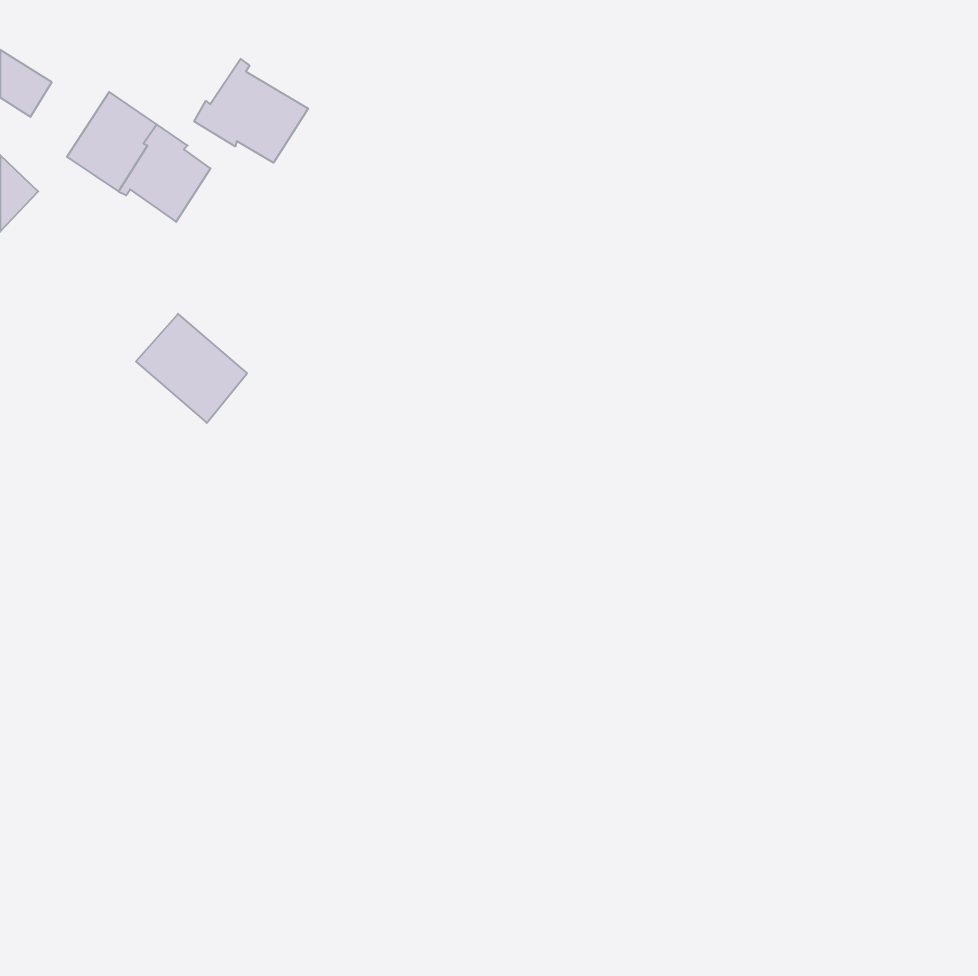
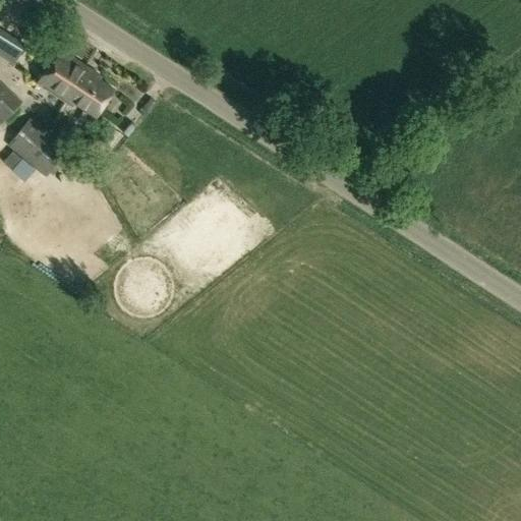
building: [194,59,308,163] -> none
building: [136,314,247,423] -> [7,119,66,177]

